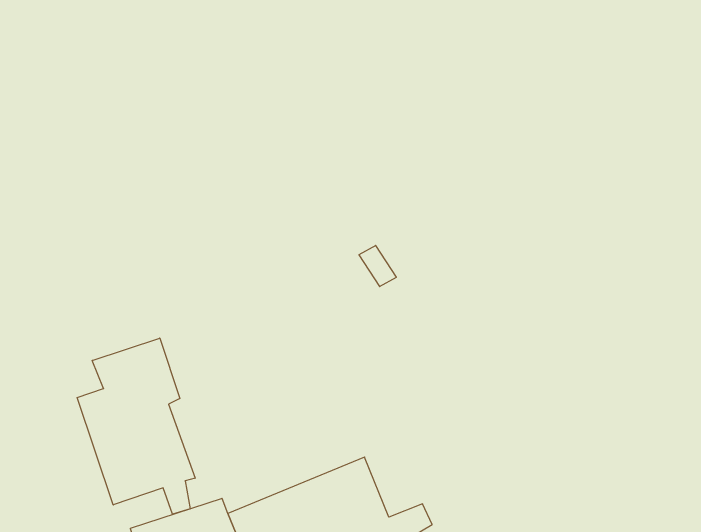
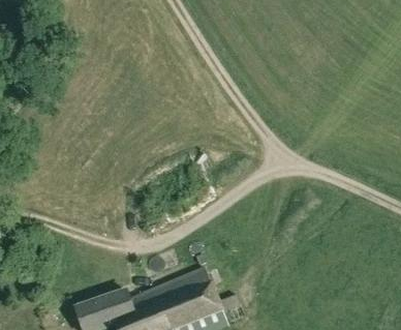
building: [77,338,195,514] -> none

